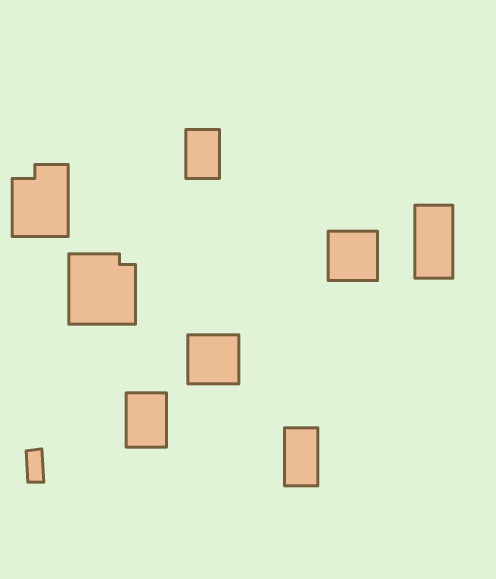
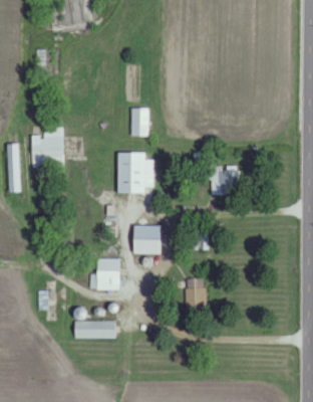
building: [415,205,453,278] -> none
building: [69,254,135,324] -> [116,152,154,192]
building: none -> [72,321,117,338]

